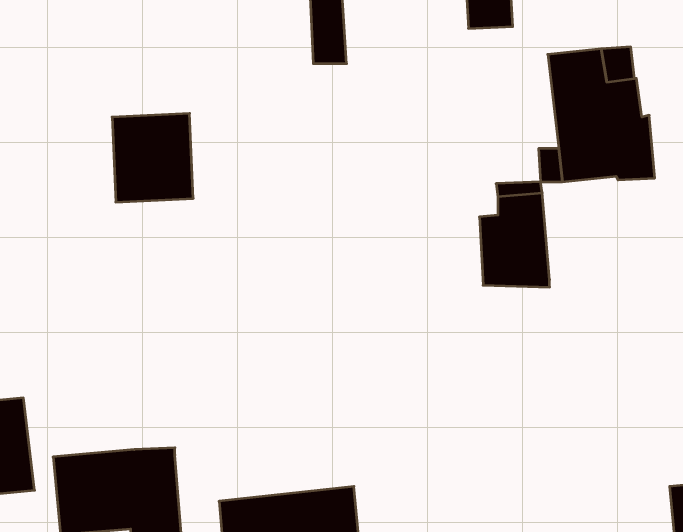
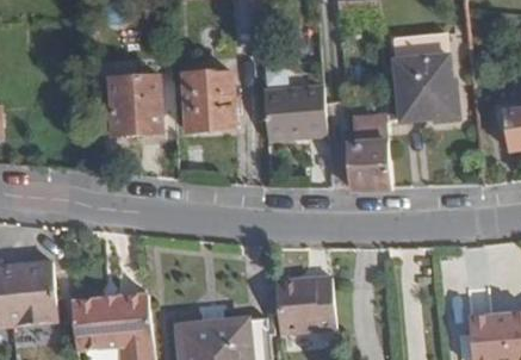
building: none -> [182,72,232,130]
building: none -> [262,85,327,139]
building: none -> [274,275,336,333]

